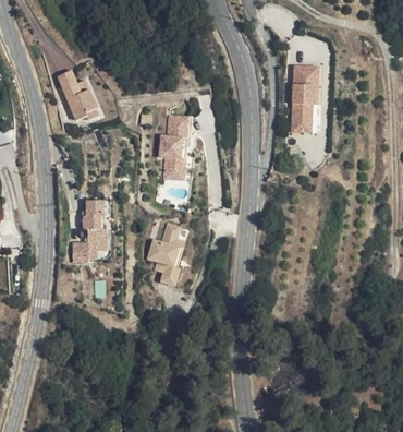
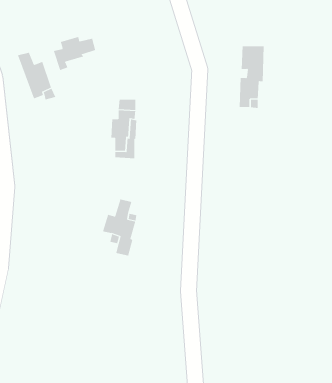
building: none -> [53,36,96,71]
building: [70,195,110,262] -> none

